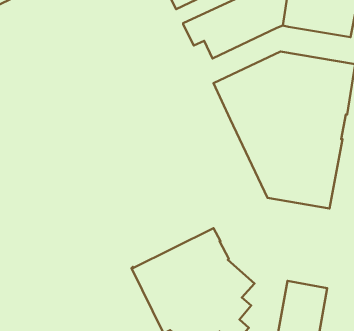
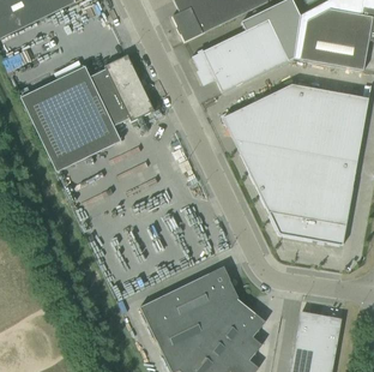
building: none -> [20,54,153,172]

